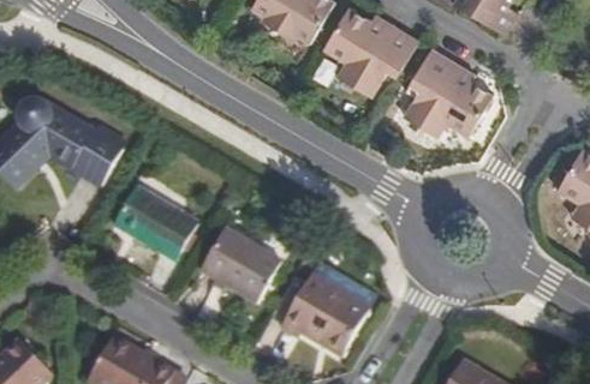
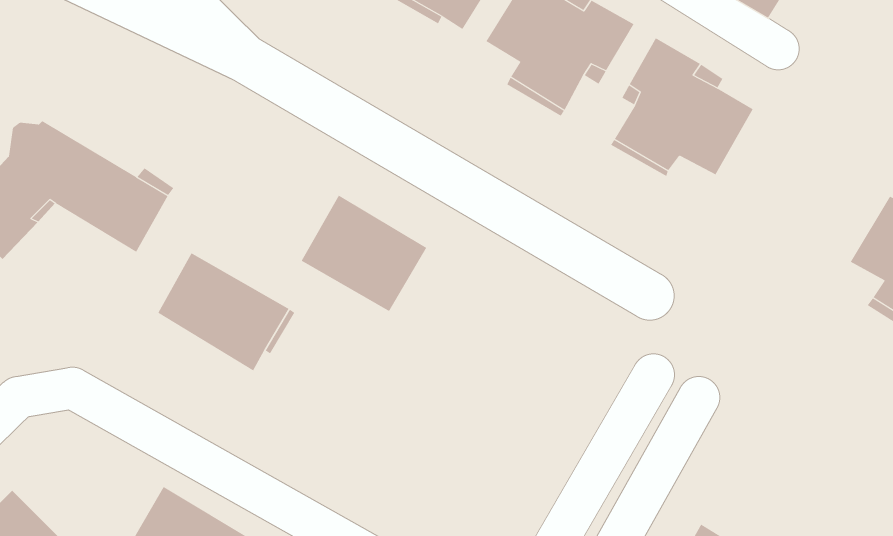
building: [199,227,280,301] -> [301,195,427,312]
building: [279,272,366,354] -> none

